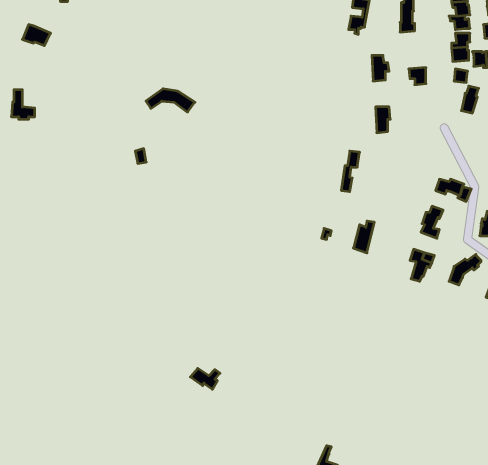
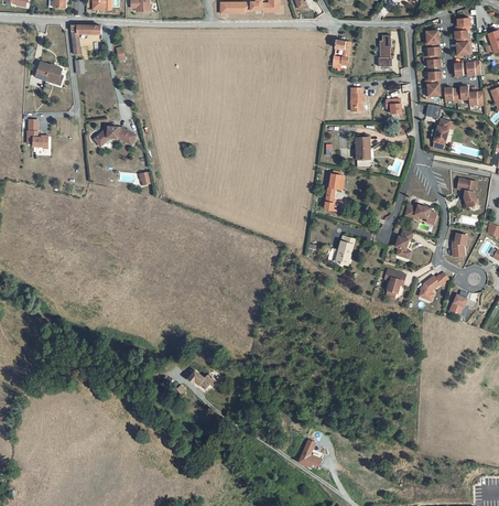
building: [146,89,195,112] -> [93,128,137,149]

